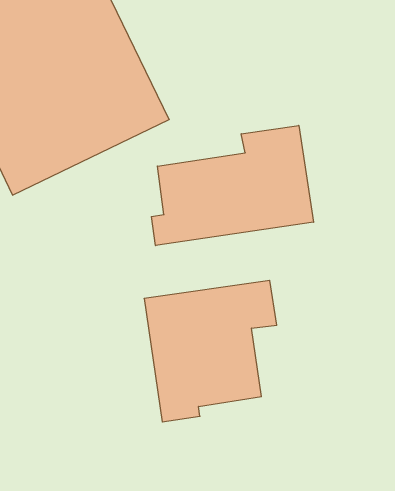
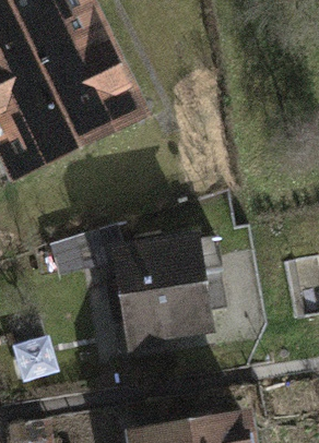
building: [151,125,314,246] -> none

